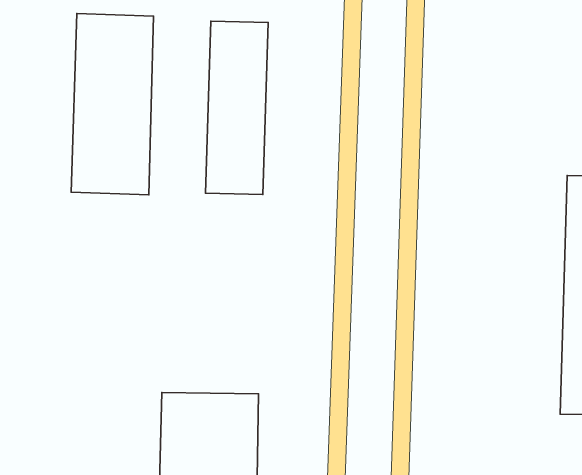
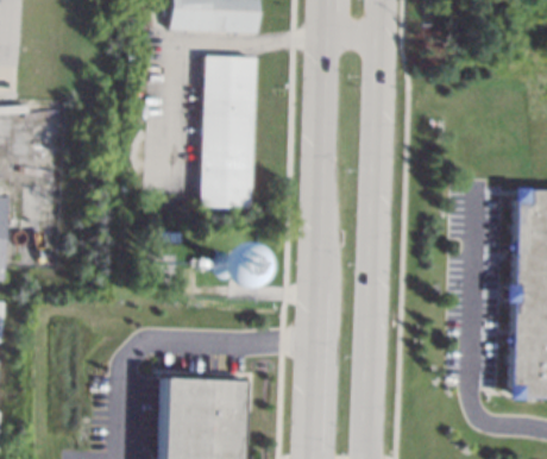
building: [71,14,154,195] -> none

